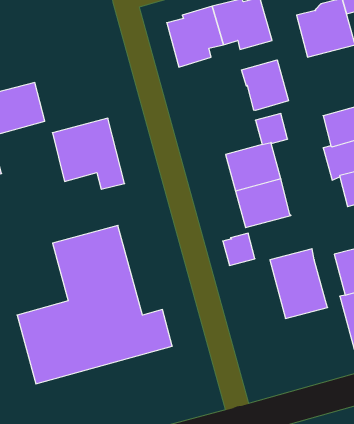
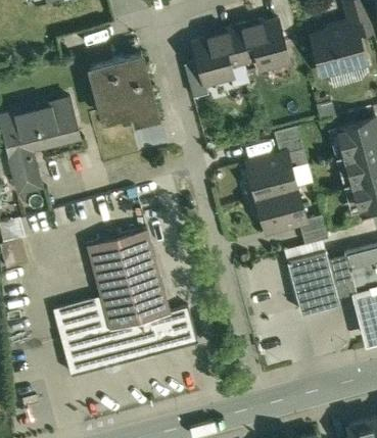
building: [241,60,289,110] -> none
building: [52,118,125,189] -> [90,55,156,120]
building: [223,233,255,265] -> [298,216,328,246]
building: none -> [328,257,357,300]

